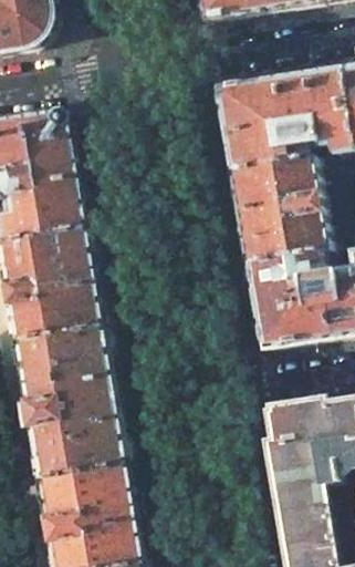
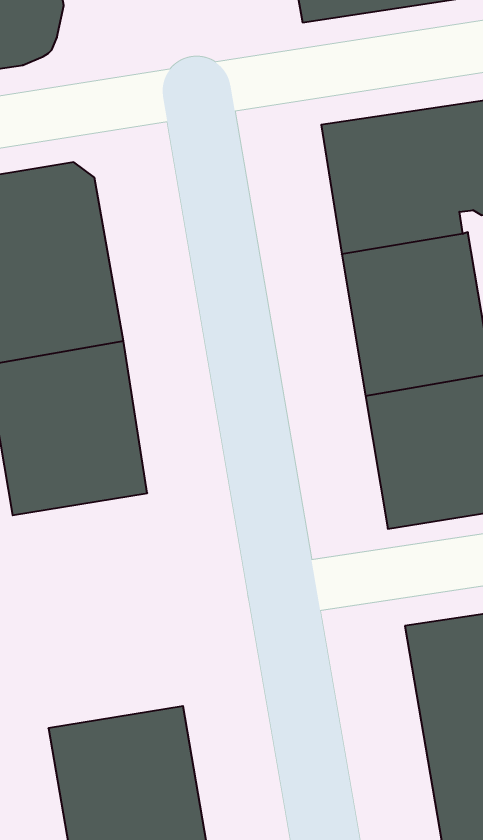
building: [15,324,126,477] -> none

